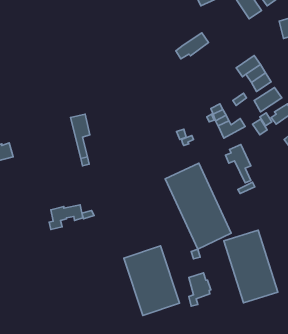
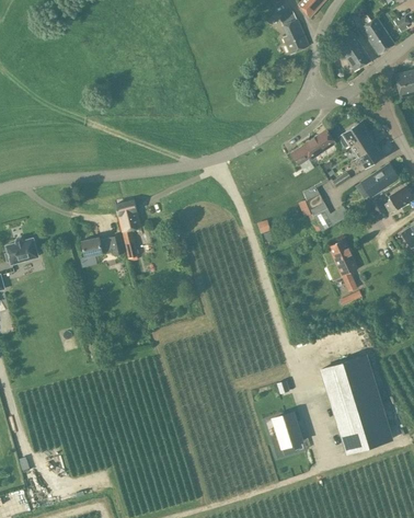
building: [176,33,208,59] -> [291,129,335,164]
building: [165,163,231,249] -> none
building: [49,205,83,229] -> [80,234,125,267]
building: [124,246,180,315] -> none

